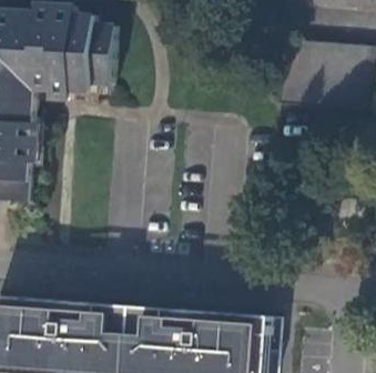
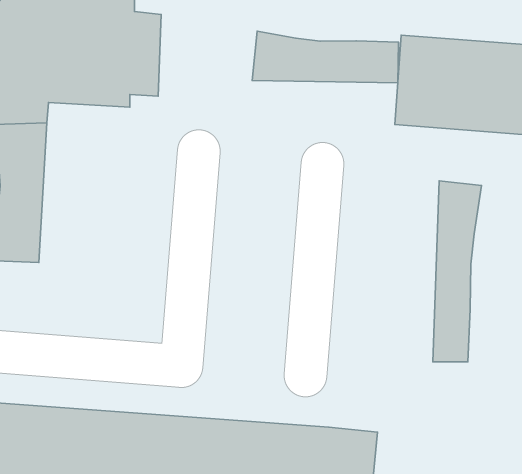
building: none -> [252,31,399,83]
building: none -> [433,181,481,362]

